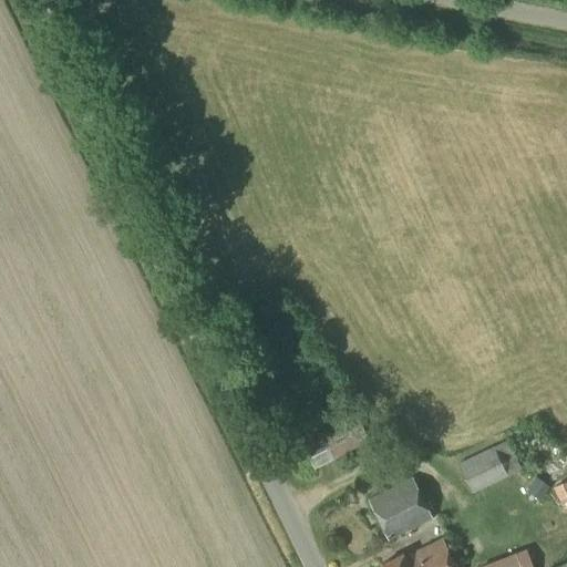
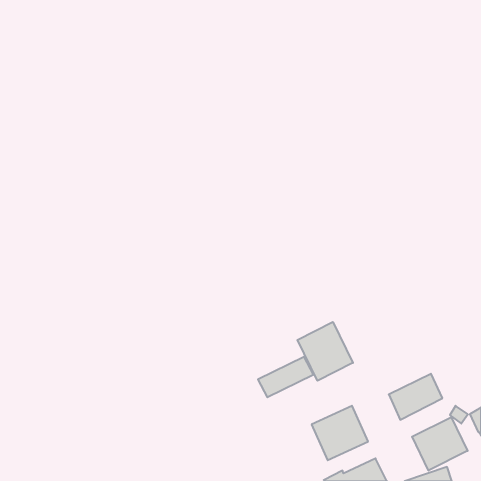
building: none -> [297,322,353,381]
building: none -> [412,417,468,471]

